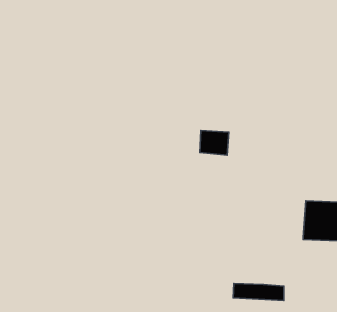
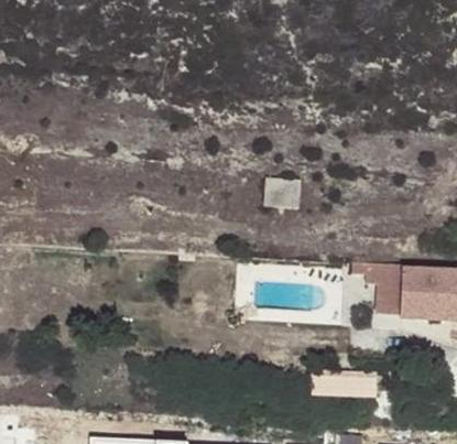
building: none -> [350,264,401,315]

